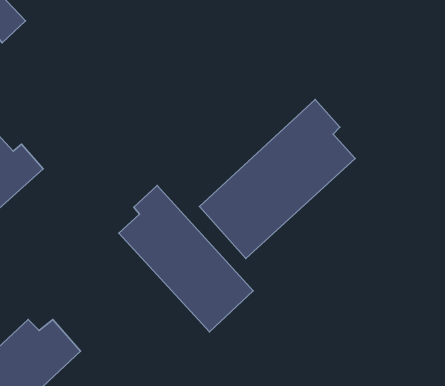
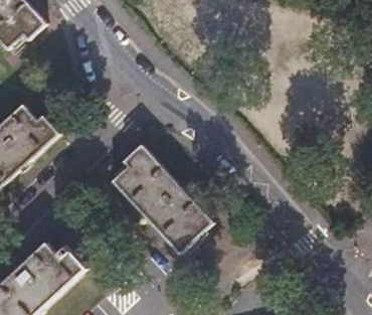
building: [199,100,355,258] -> none

